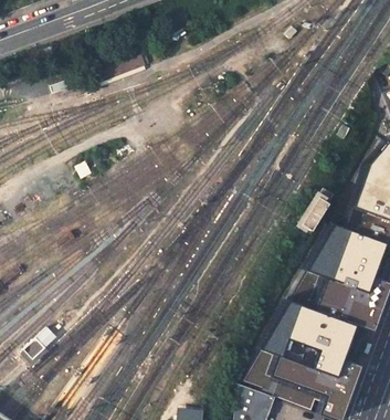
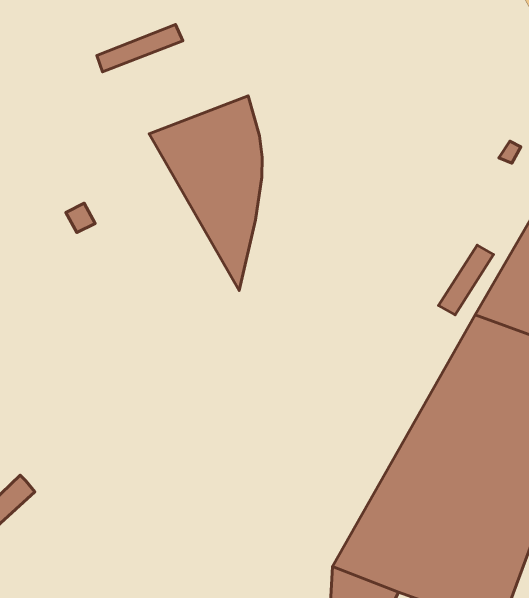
building: none -> [149,96,262,291]

